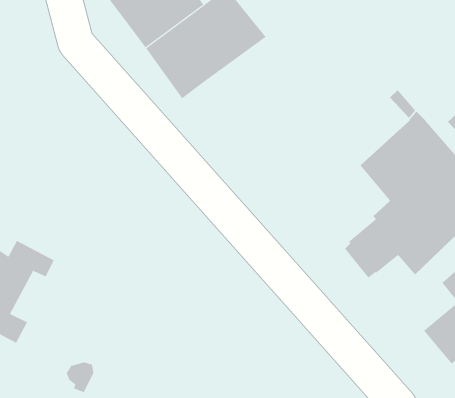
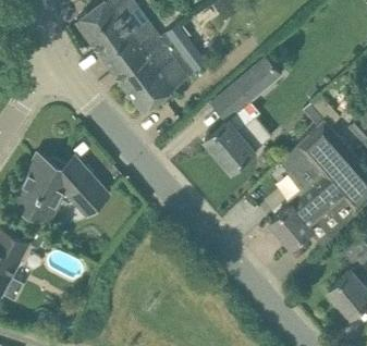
building: none -> [205,59,280,172]
building: none -> [11,156,109,221]

